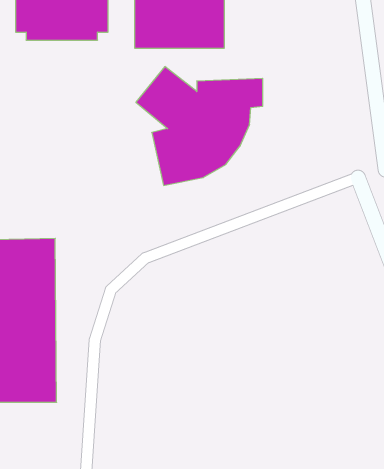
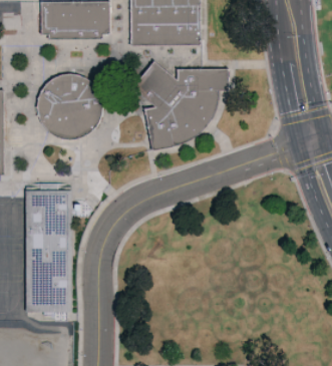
building: none -> [36,73,101,138]

